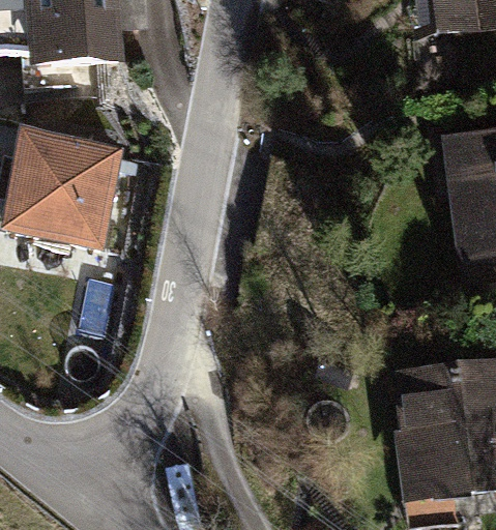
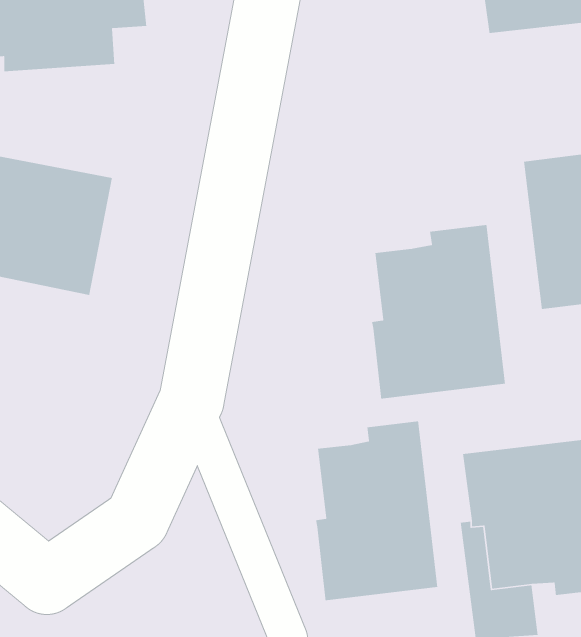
building: none -> [371,224,506,399]
building: none -> [315,420,438,601]

